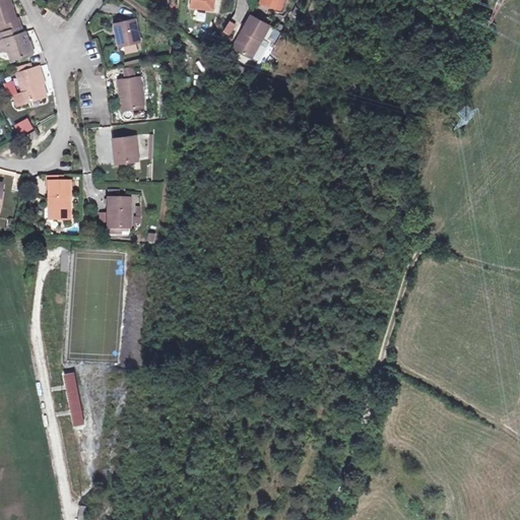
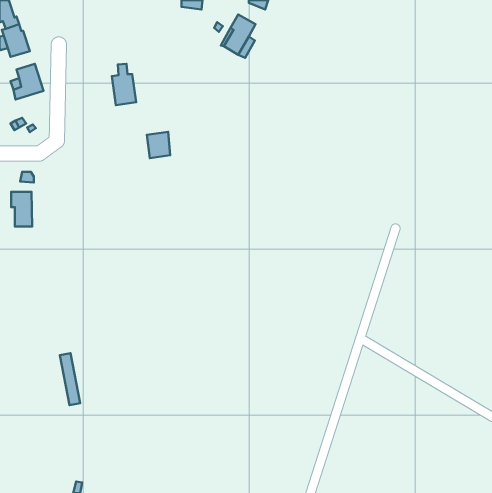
building: [114,19,139,46] -> none
building: [113,136,137,164] -> [147,132,170,158]
building: [48,182,70,218] -> [11,192,32,227]
building: [107,198,130,228] -> none

